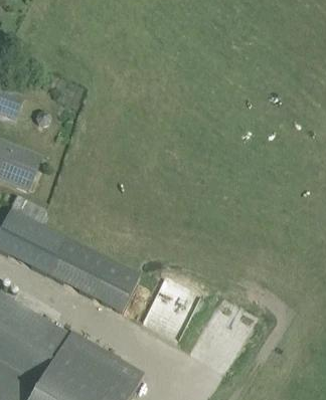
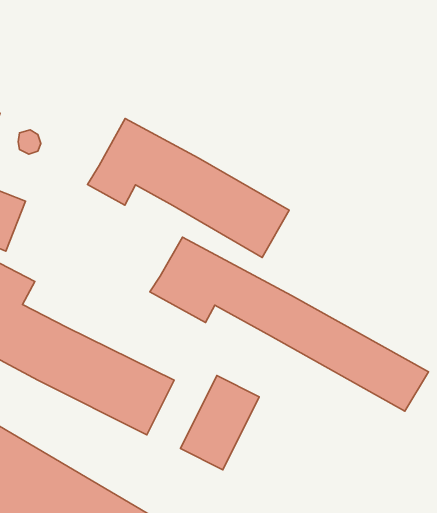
building: none -> [87,119,289,258]
building: none -> [150,237,428,411]

